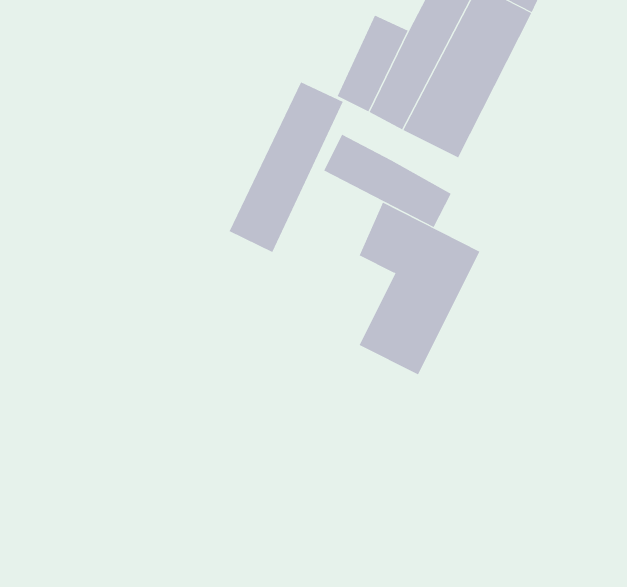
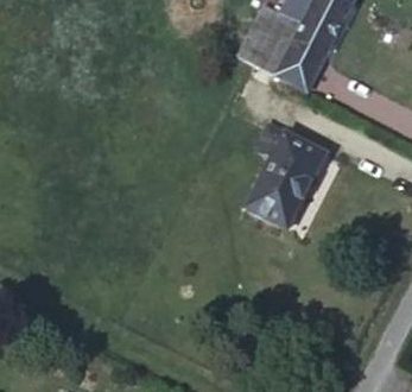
building: [229,81,343,253] -> none
building: [324,134,452,228] -> none

